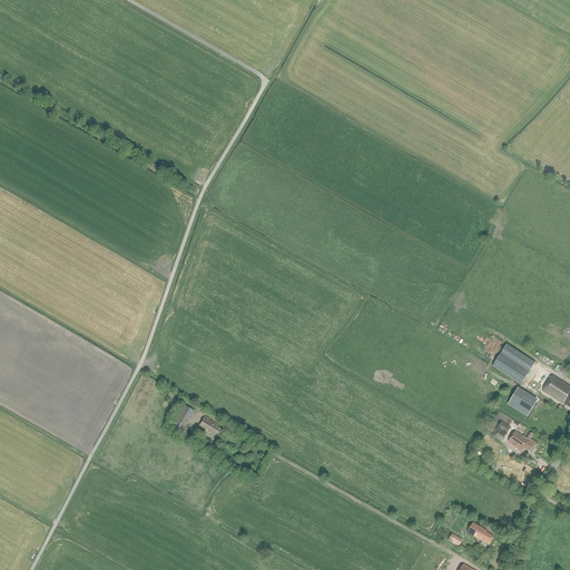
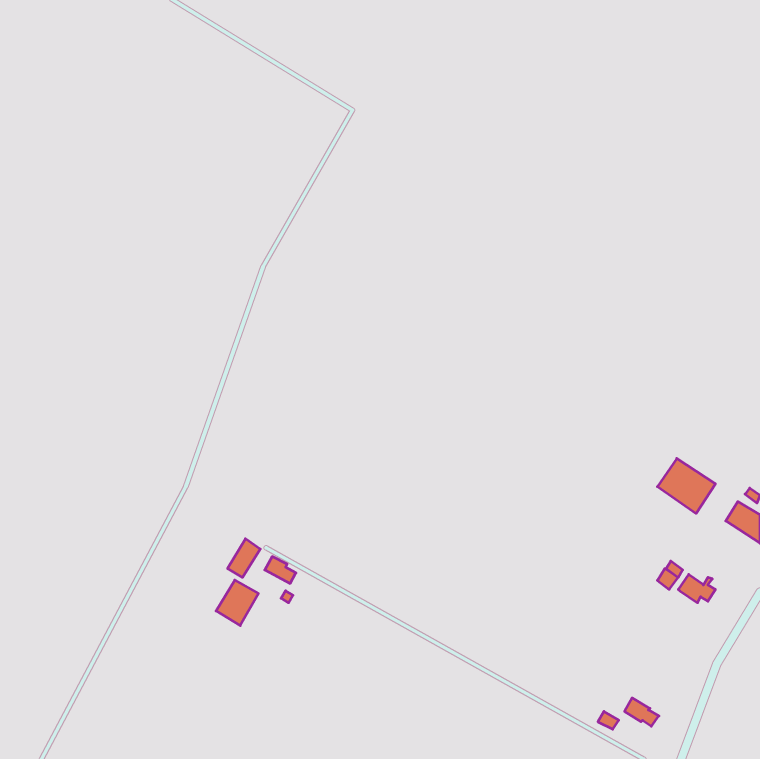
building: [508,386,538,415] -> none
building: none -> [216,580,258,626]

